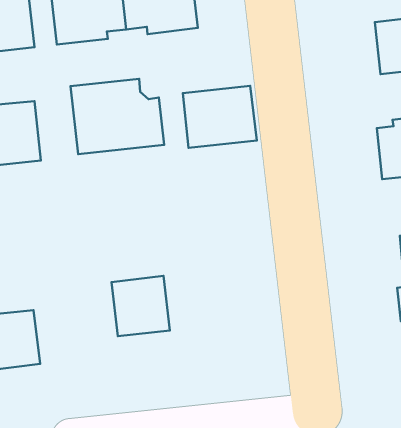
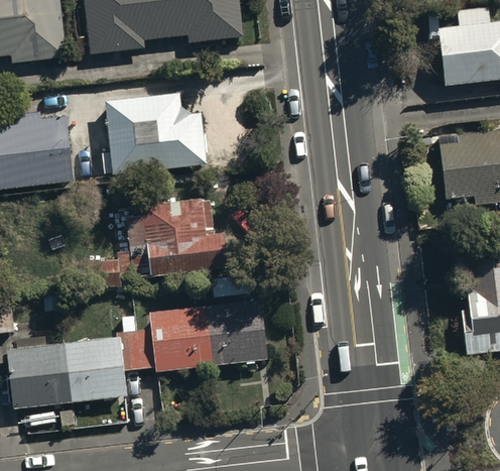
building: [183,86,257,148] -> none
building: none -> [95,196,228,288]
building: none -> [207,299,268,364]
building: none -> [66,335,126,400]

